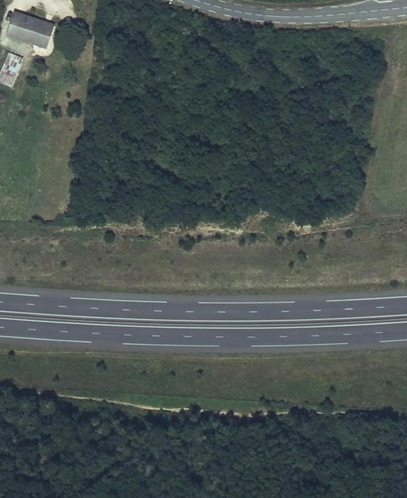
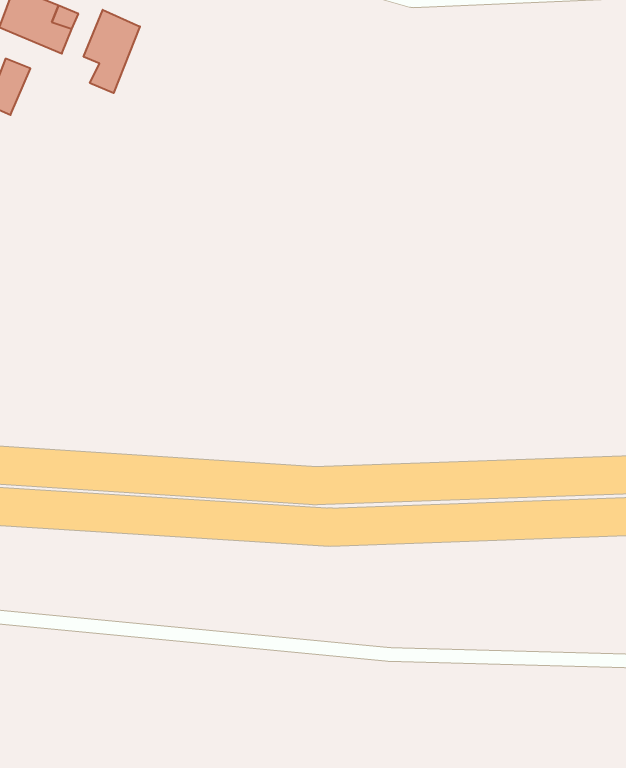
building: none -> [84,10,140,93]

